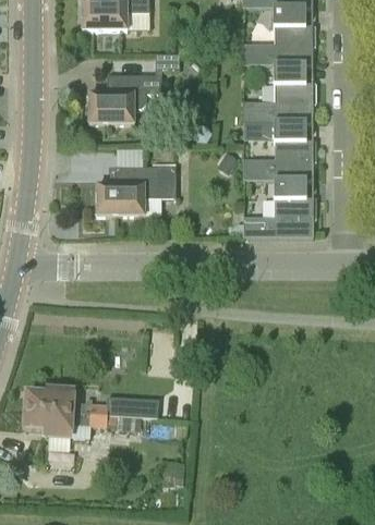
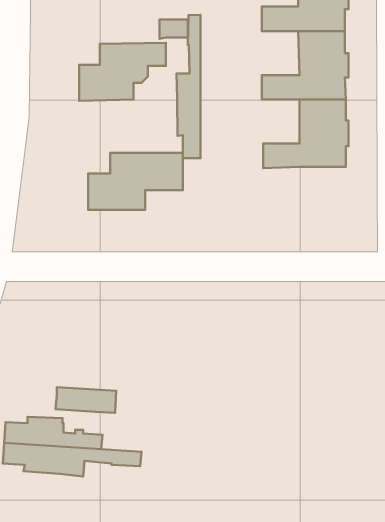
building: none -> [176,15,201,158]
building: [243,178,316,236] -> none
building: [107,396,158,418] -> [55,387,116,413]

